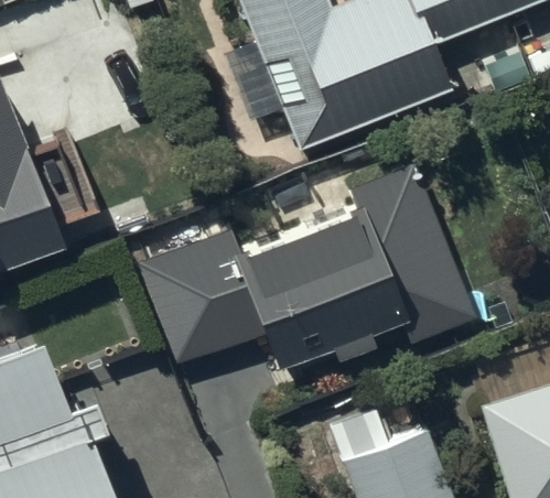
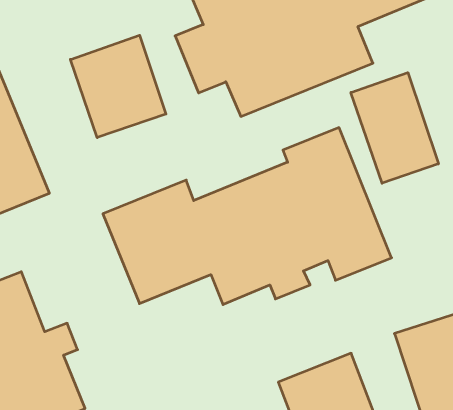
building: none -> [70,35,166,138]
building: none -> [351,73,438,183]

